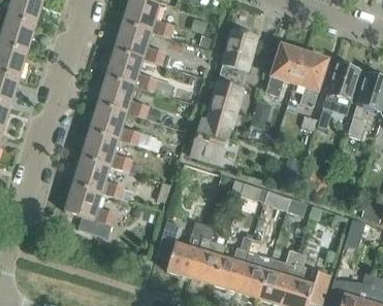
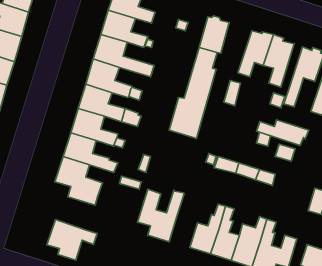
building: none -> [256,120,309,145]
building: [190,225,225,283] -> none
building: none -> [47,220,97,260]

